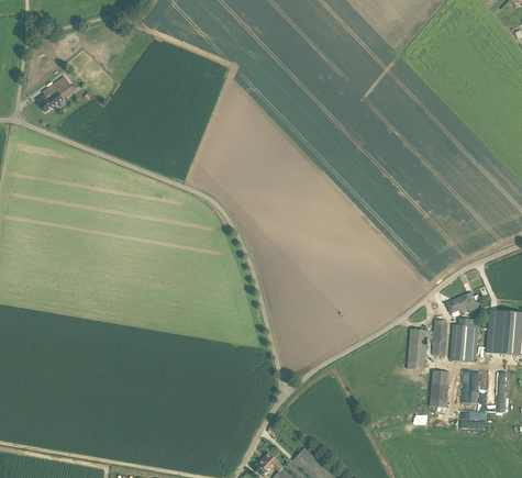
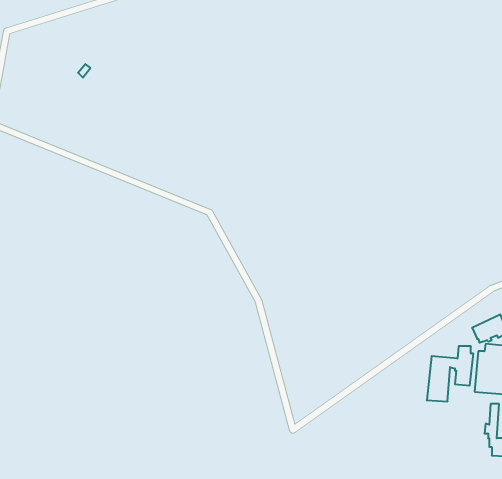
building: [36,76,74,112] -> none
building: [429,370,448,408] -> none

